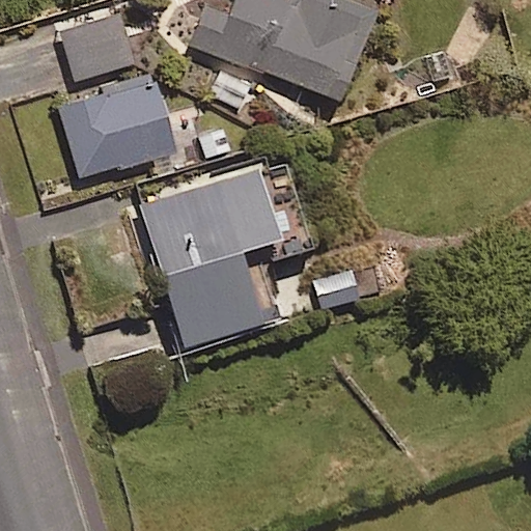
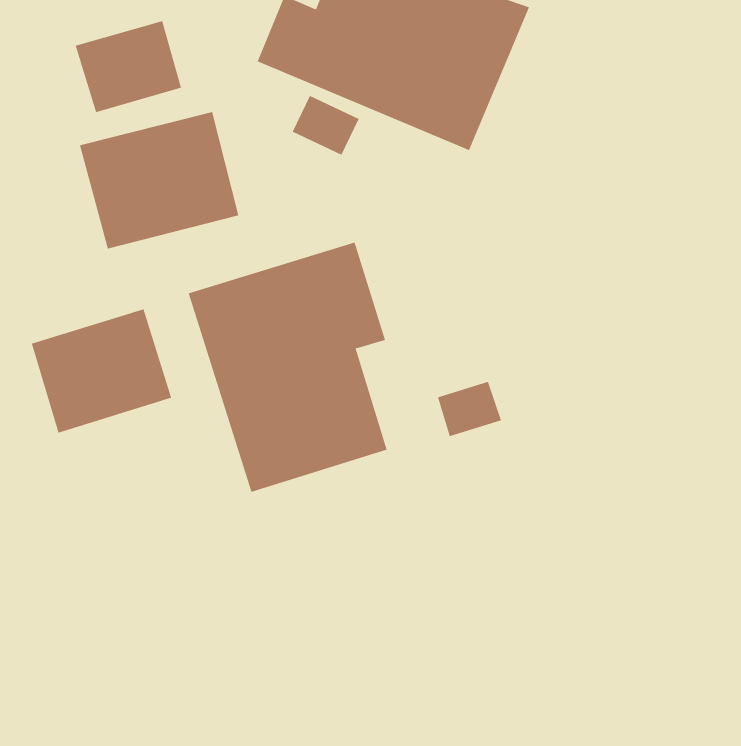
building: none -> [31,308,172,434]

